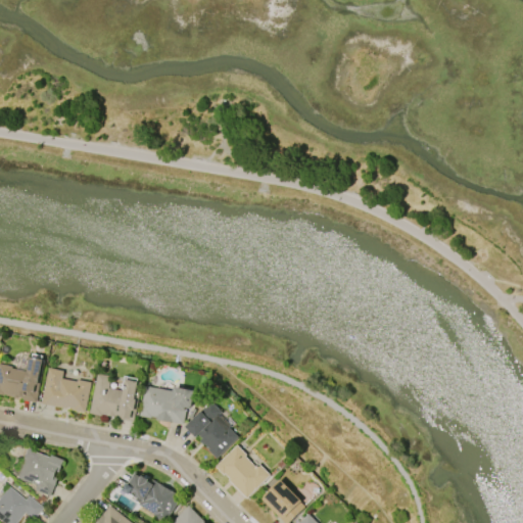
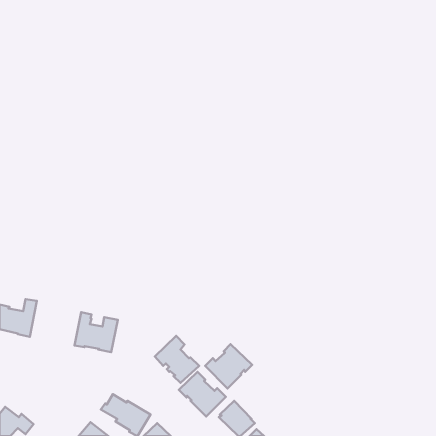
building: [40,368,91,412] -> none
building: [140,386,195,424] -> none
building: none -> [205,344,252,388]
building: [14,446,63,495] -> none

